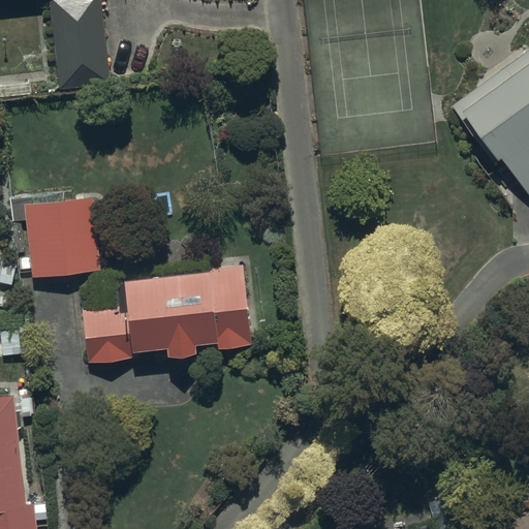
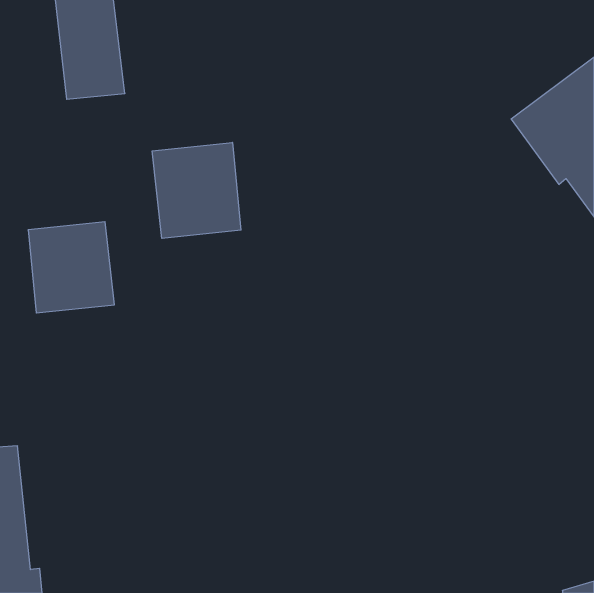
building: none -> [152,142,241,238]
building: [83,264,252,362] -> none

